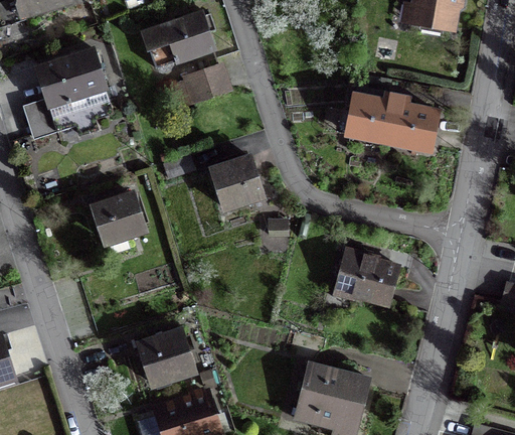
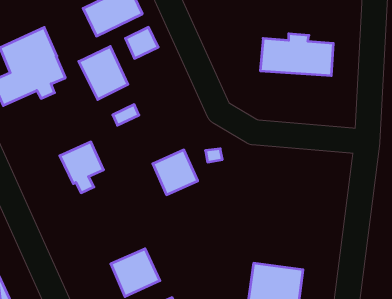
building: none -> [79,46,128,100]
building: [211,156,263,207] -> [153,150,198,195]
building: [335,249,398,304] -> none

